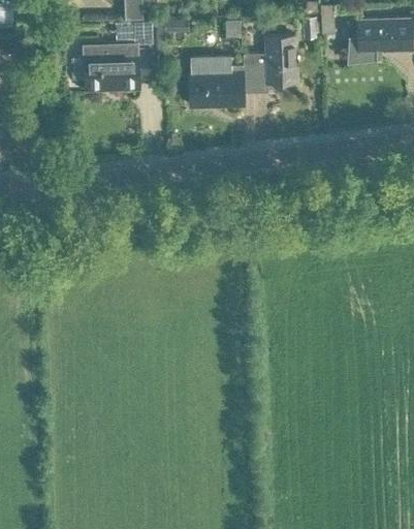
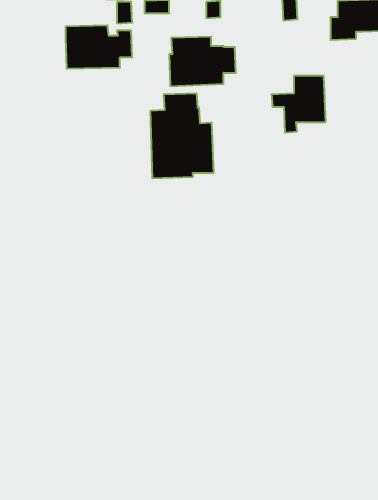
building: [242,36,296,93] -> [271,76,326,132]
building: none -> [151,93,213,178]

